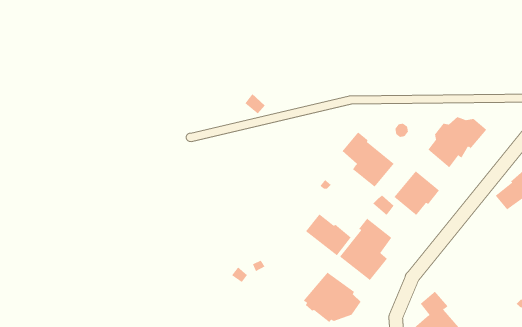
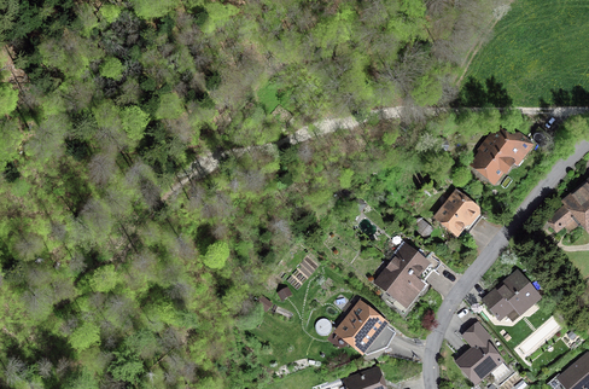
building: [342,131,394,188] -> none
building: [305,214,352,256] -> none
building: none -> [480,267,544,323]

